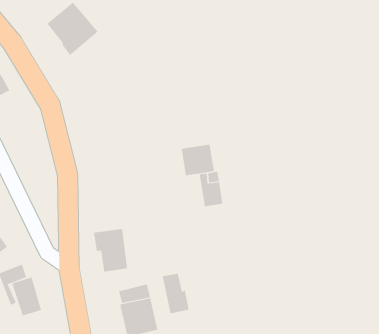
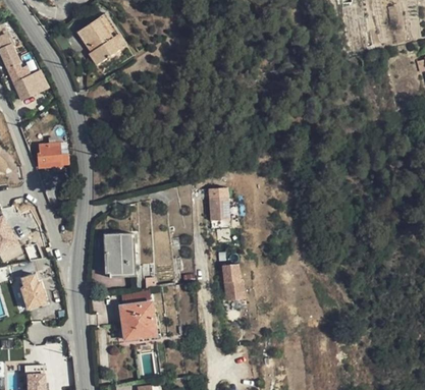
building: none -> [38,145,60,168]
building: [181,144,214,176] -> none
building: [162,273,190,314] -> [222,265,246,302]

